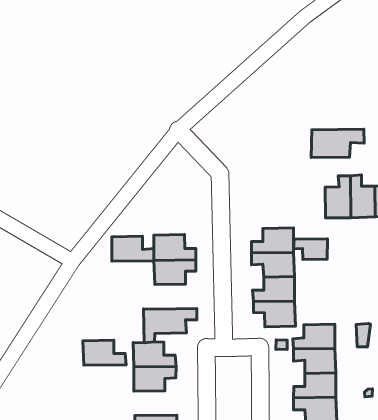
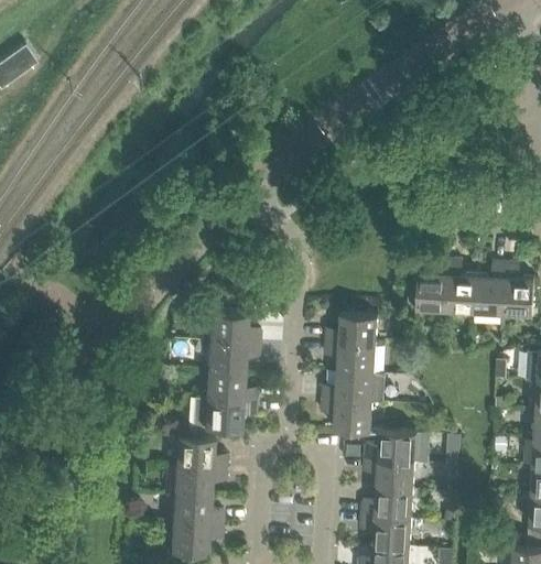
building: [311,129,364,157] -> none
building: [112,236,154,261] -> [207,371,258,403]
building: [294,239,327,260] -> none
building: [83,340,126,365] -> [174,495,224,527]

